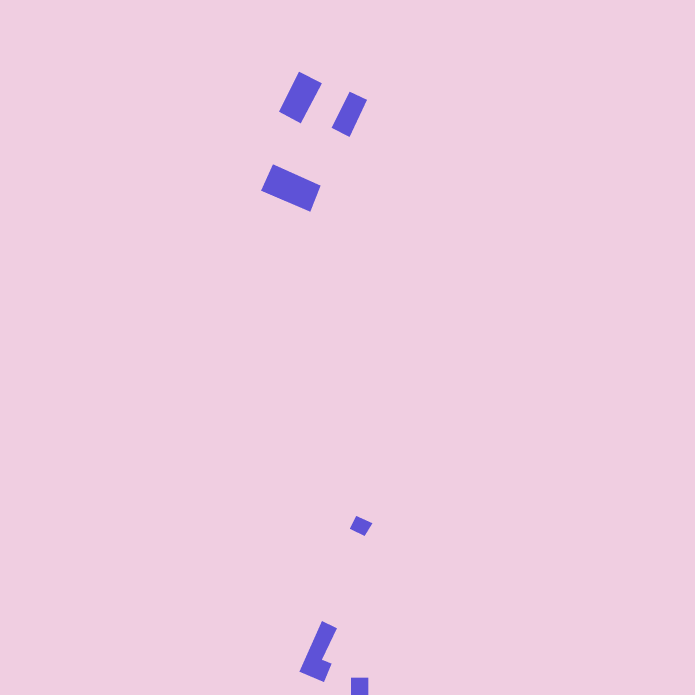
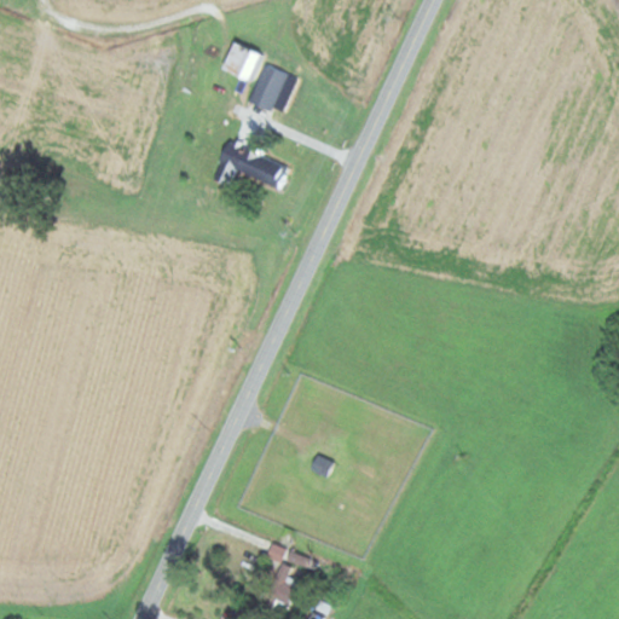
building: none -> [219,42,259,82]
building: [331,91,368,138] -> none

